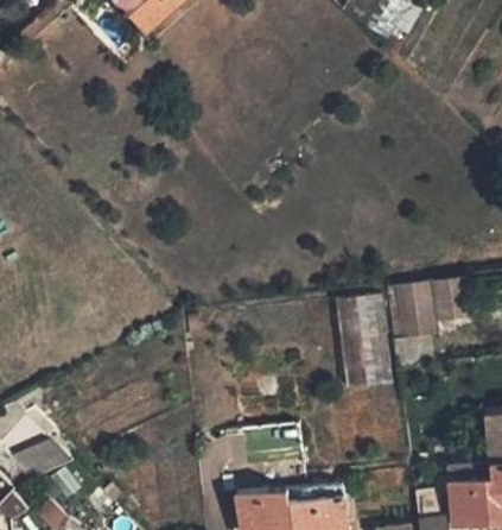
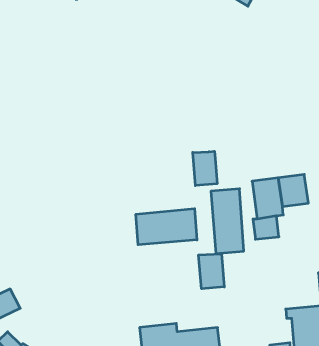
building: none -> [193,151,217,186]
building: none -> [136,209,197,245]
building: none -> [199,254,224,289]

